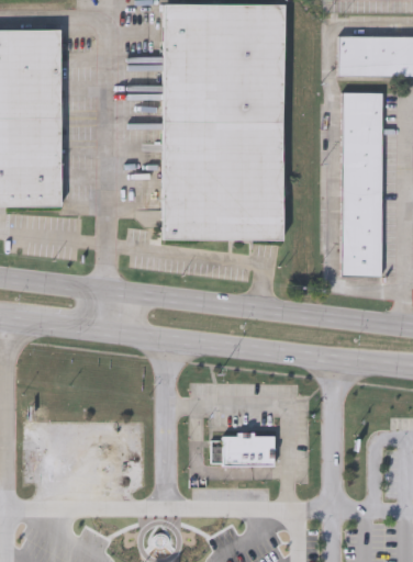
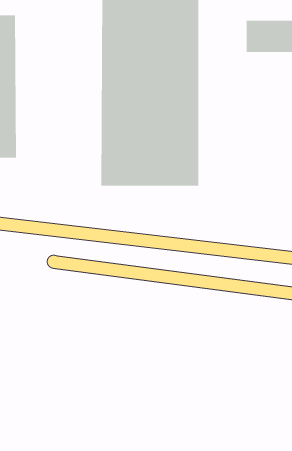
building: [343,92,383,276] -> none
building: [212,435,275,464] -> none

